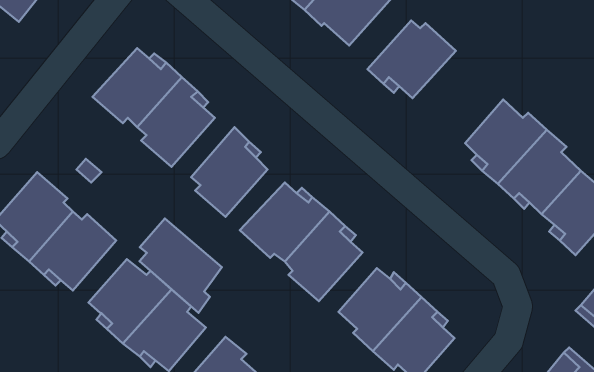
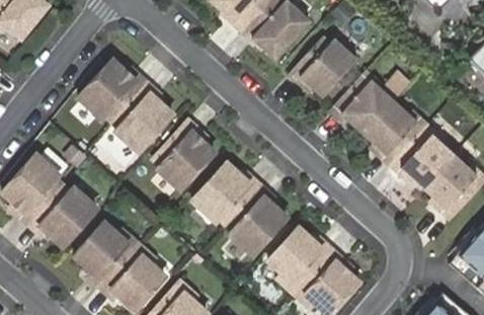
building: none -> [331,68,395,133]
building: [139,219,222,313] -> none

